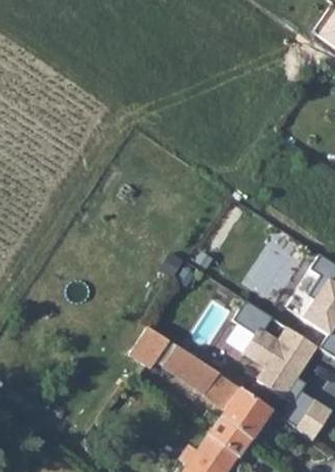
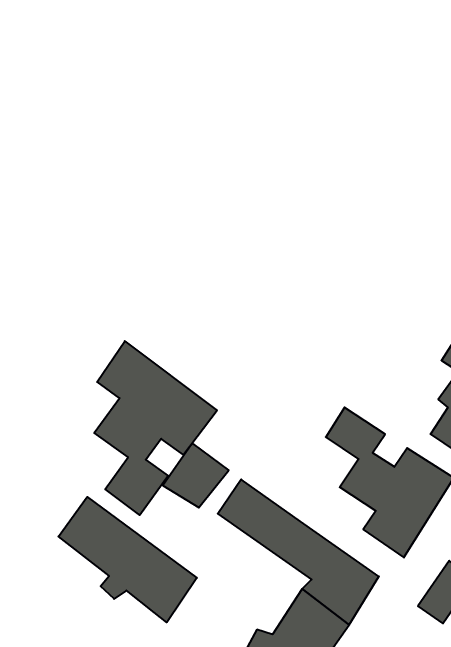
building: none -> [94,341,217,515]
building: none -> [58,497,197,622]

